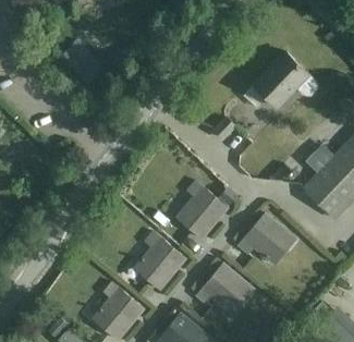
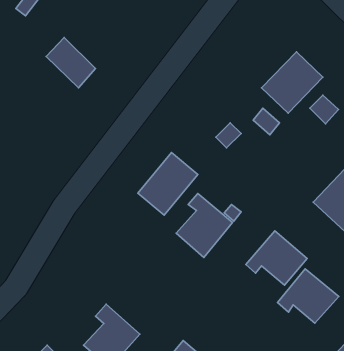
building: none -> [138,152,198,215]
building: [135,231,184,288] -> none
building: [198,265,254,314] -> [278,269,339,323]

